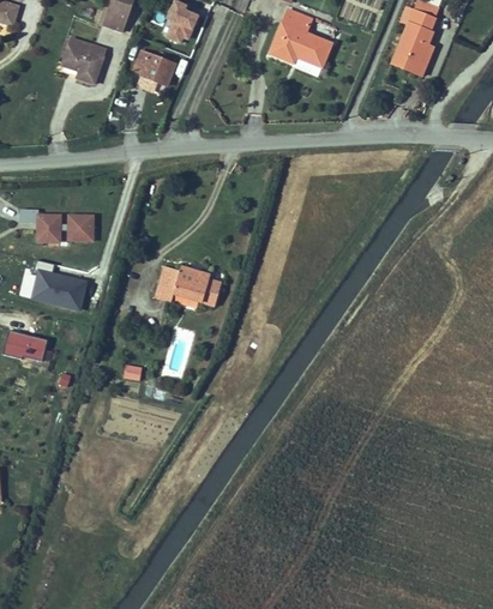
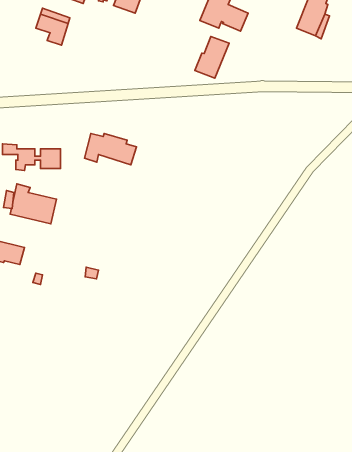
building: [134,50,175,85] -> none
building: none -> [195,36,229,78]
building: [156,266,222,306] -> [84,134,136,165]

